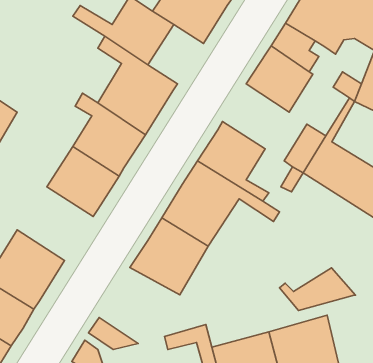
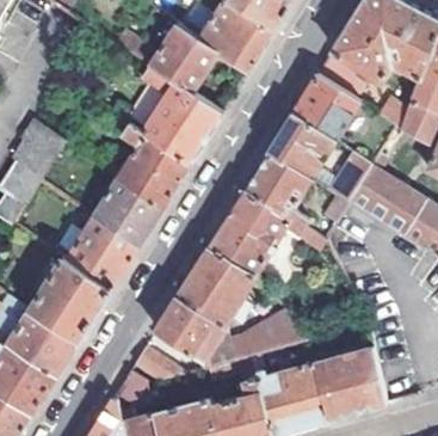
building: none -> [267,112,334,178]
building: none -> [56,216,137,290]
building: none -> [154,297,226,361]
building: [279,268,355,310] -> [232,312,308,355]

